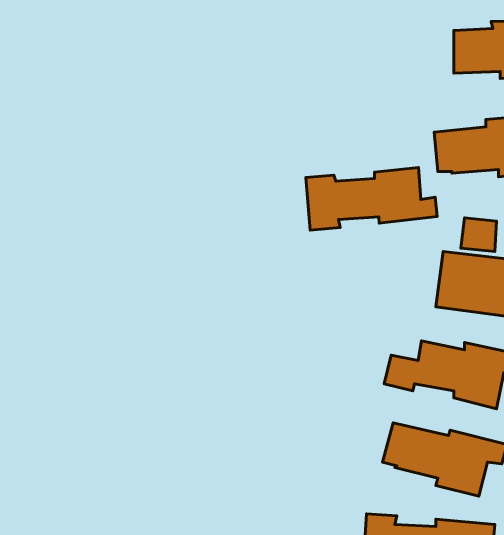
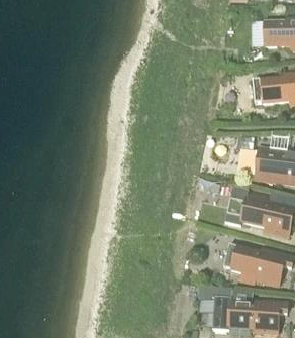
building: [306,167,437,230] -> none

